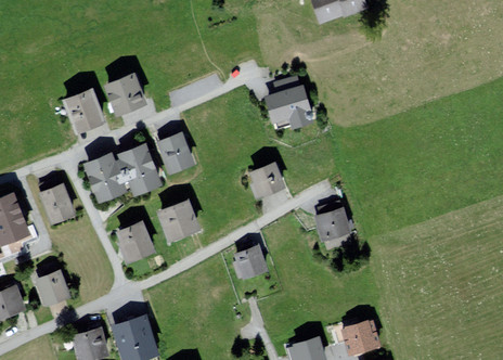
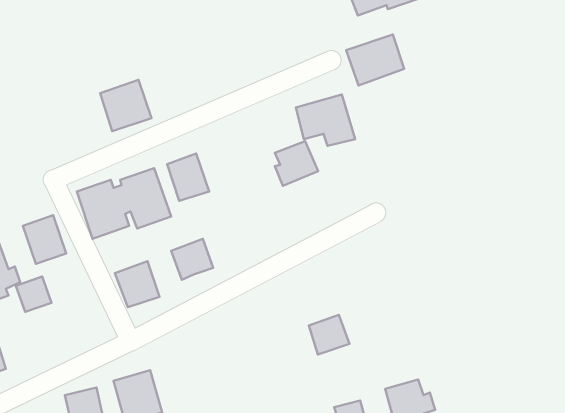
building: none -> [346,35,404,85]
building: [61,88,104,134] -> none
building: [248,163,284,200] -> [275,141,318,186]
building: [311,209,348,243] -> none
building: [232,247,266,280] -> [309,315,349,354]
building: [41,277,70,306] -> [16,277,51,312]

